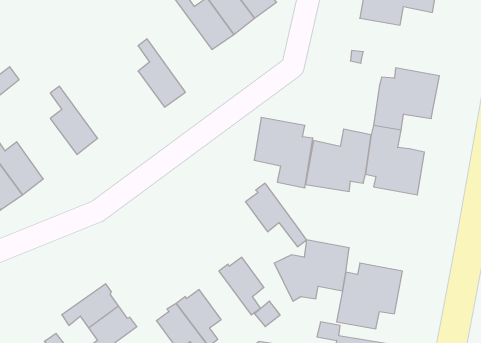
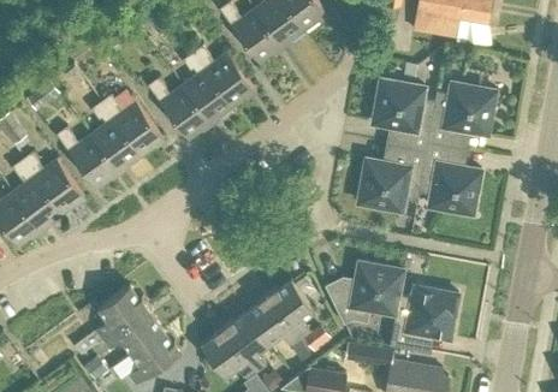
building: none -> [191,46,254,108]
building: none -> [147,78,209,141]
building: none -> [100,95,162,156]
building: none -> [55,127,118,190]
building: [254,117,313,188] -> [372,79,433,153]
building: [245,183,307,247] -> [245,295,309,361]
building: none -> [75,286,148,356]

